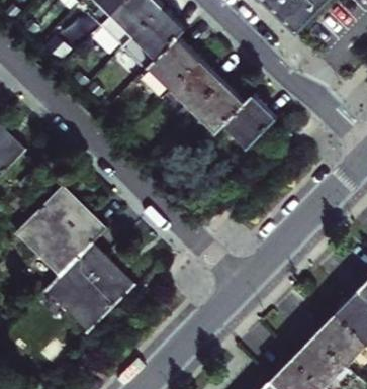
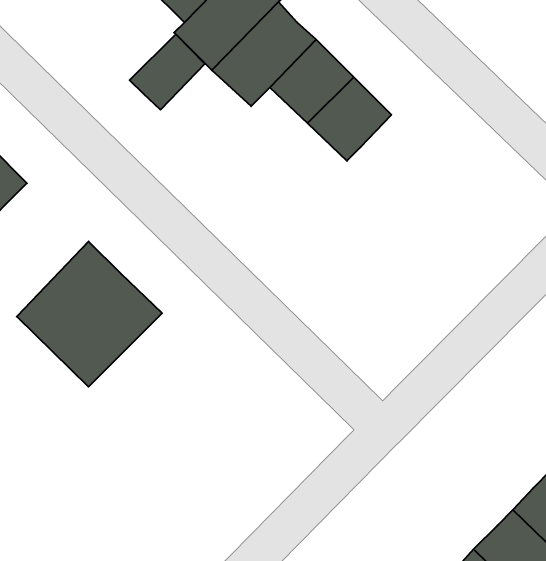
building: none -> [130,34,205,110]
building: [222,97,272,147] -> none
building: [49,233,137,321] -> none

